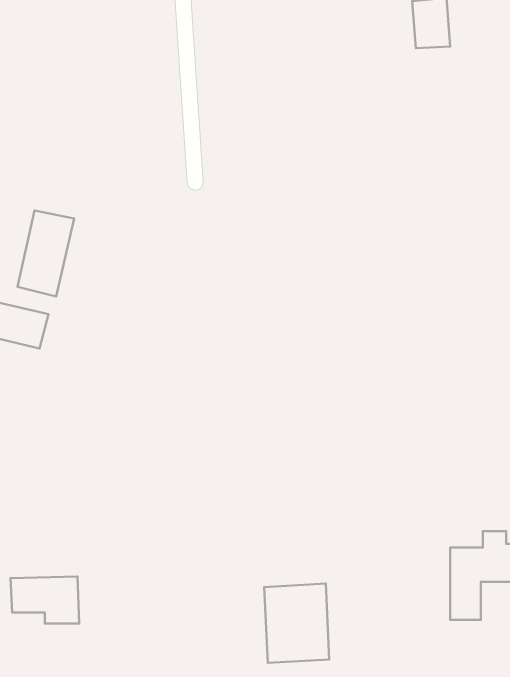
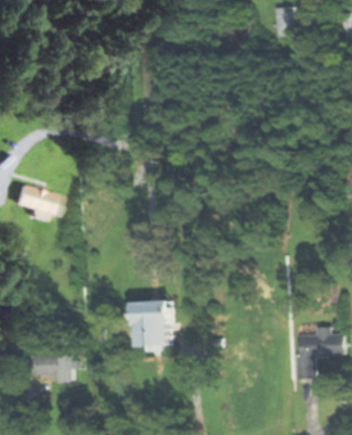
building: [17,211,74,297] -> none
building: [264,583,329,663] -> [132,299,171,347]

